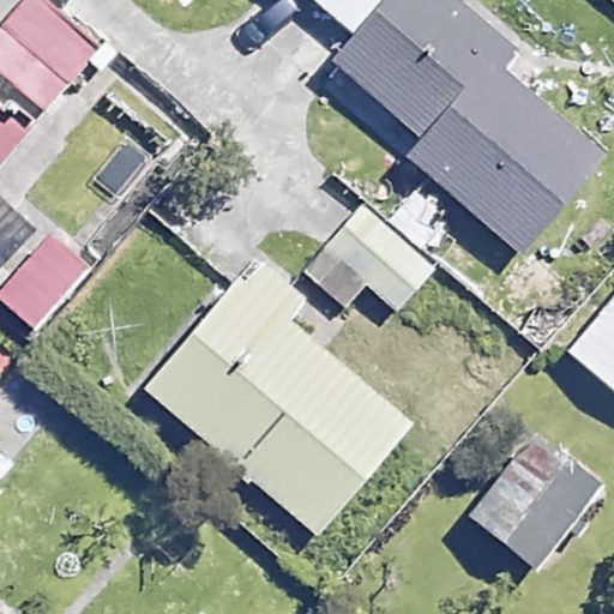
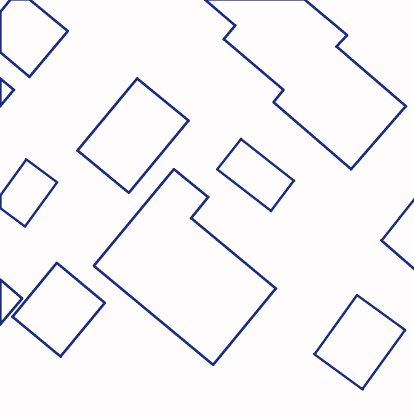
building: none -> [77,78,189,193]
building: none -> [12,263,105,357]

